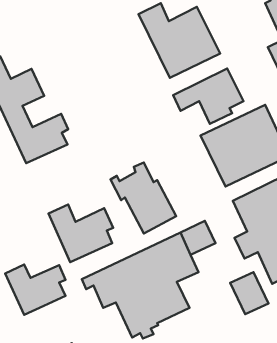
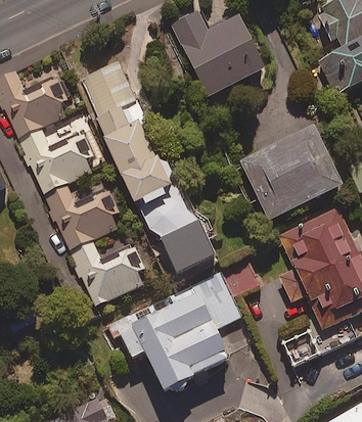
building: none -> [82,61,171,204]
building: [173,68,243,124] -> none
building: [5,264,65,315] -> [48,192,117,249]

